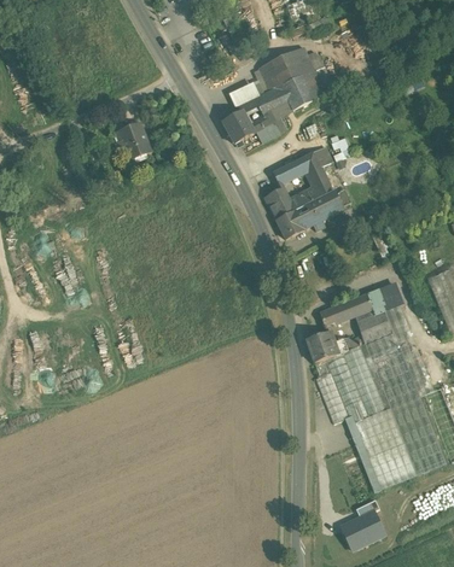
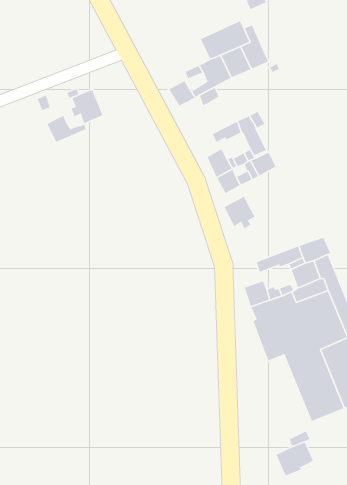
building: none -> [47,115,87,143]
building: none -> [223,196,255,229]

